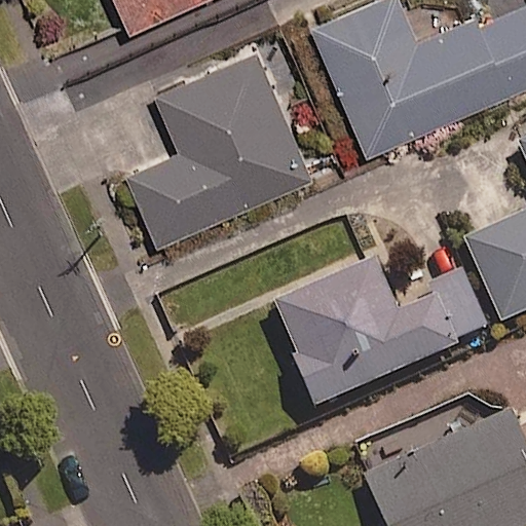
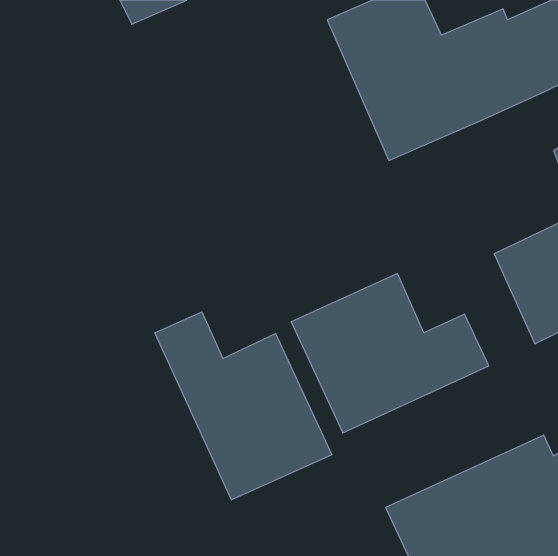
building: [124,47,311,246] -> none
building: none -> [155,312,332,500]

